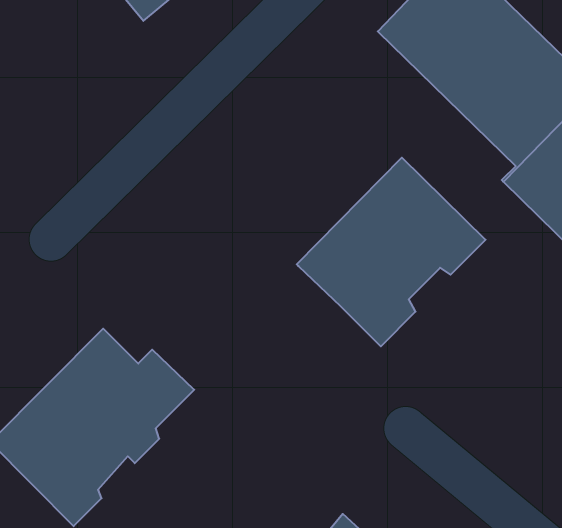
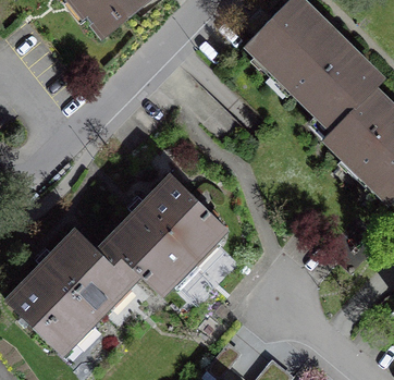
building: [297,158,486,346] -> [107,175,224,293]

